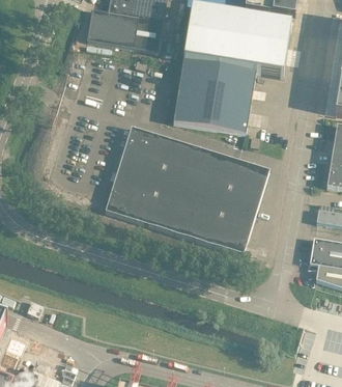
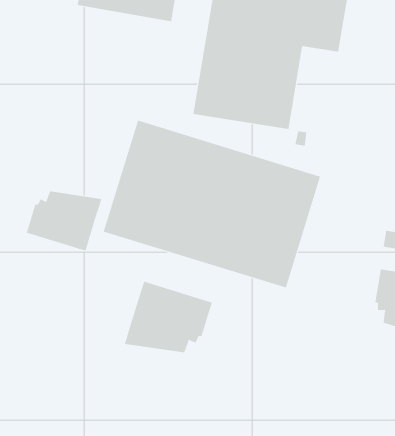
building: none -> [26,191,102,251]
building: none -> [124,281,212,353]

